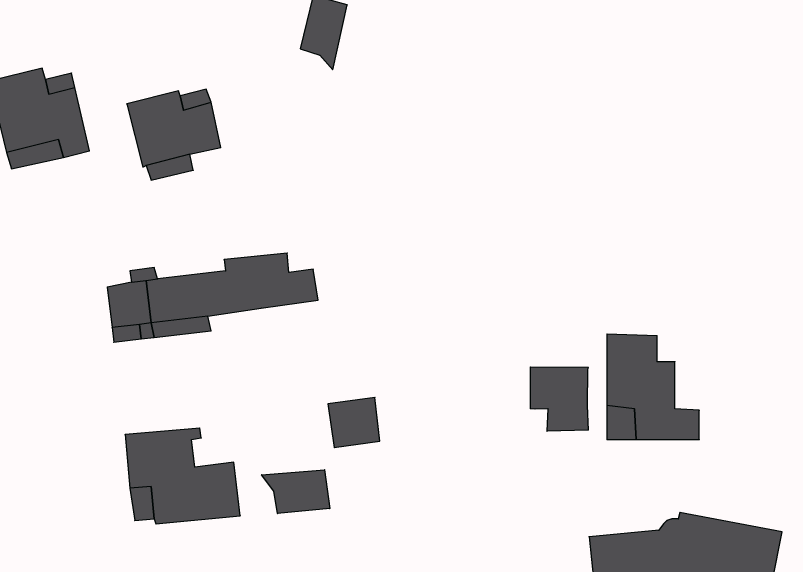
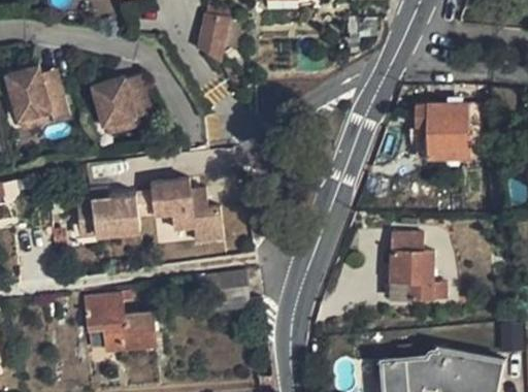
building: none -> [416,103,488,156]
building: none -> [171,210,224,244]
building: [530,367,588,431] -> none
building: [262,470,330,514] -> none

